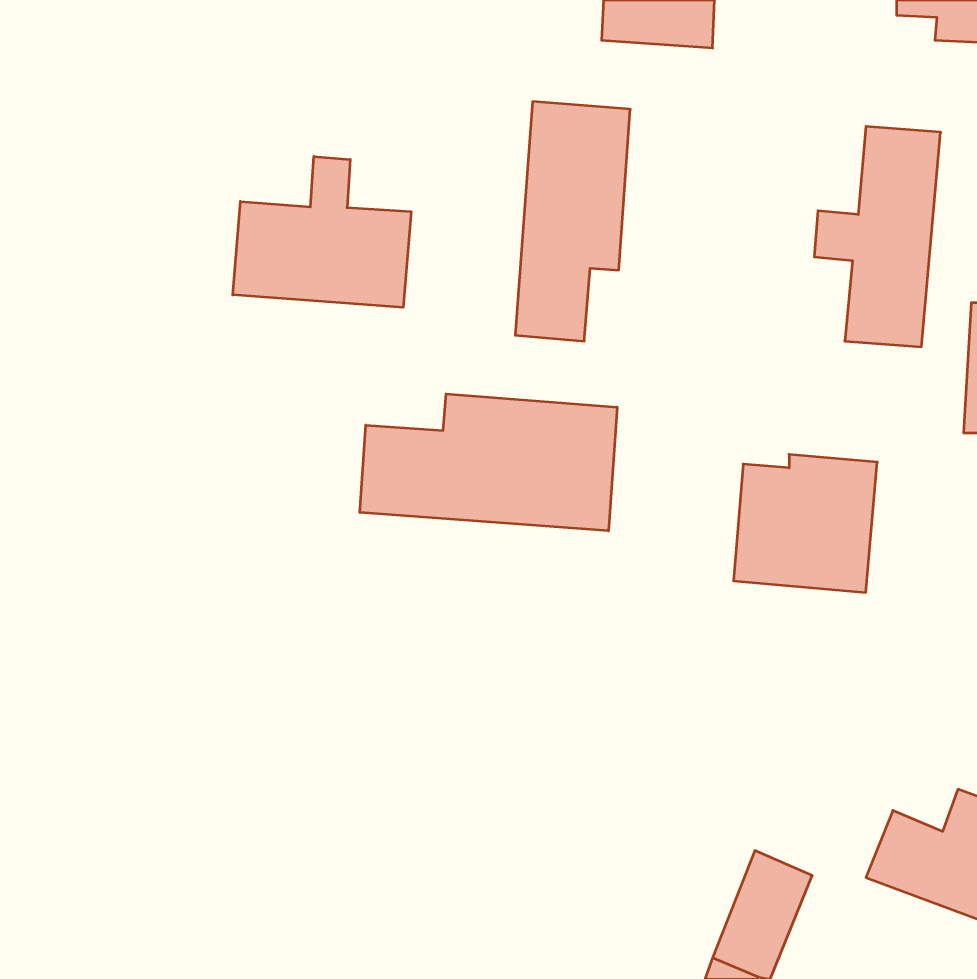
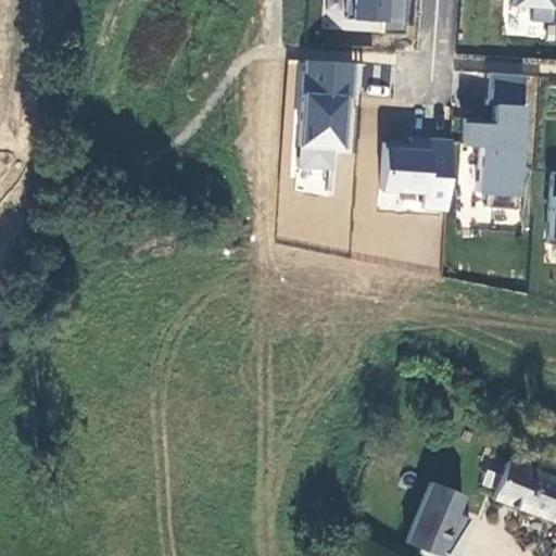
building: [233,156,411,307] -> none
building: [360,394,617,531] -> none
building: [734,454,877,592] -> [377,136,458,214]

